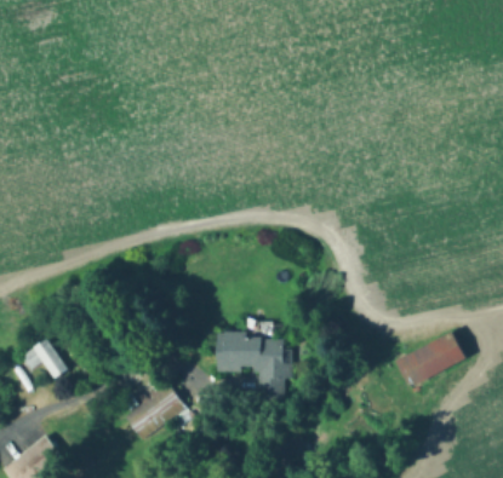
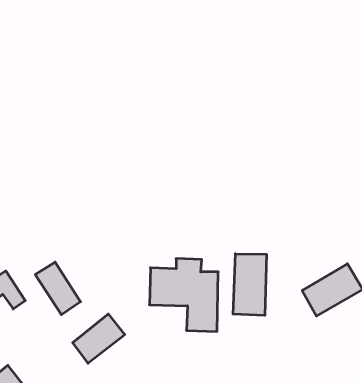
building: none -> [233,254,266,315]
building: none -> [35,262,81,315]

